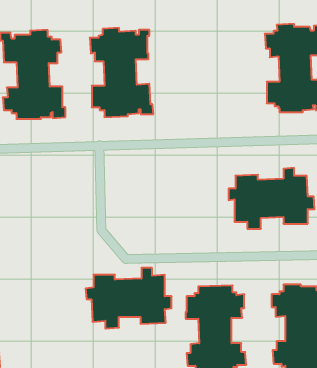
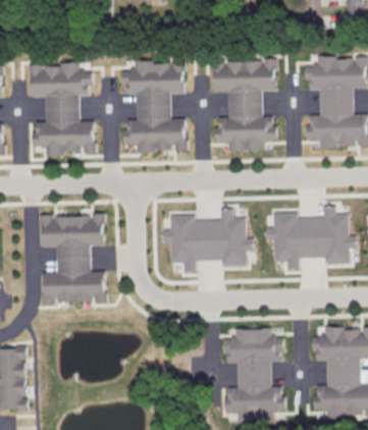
building: none -> [212,59,277,151]
building: none -> [40,214,105,306]
building: [86,268,172,329] -> [163,209,253,272]

